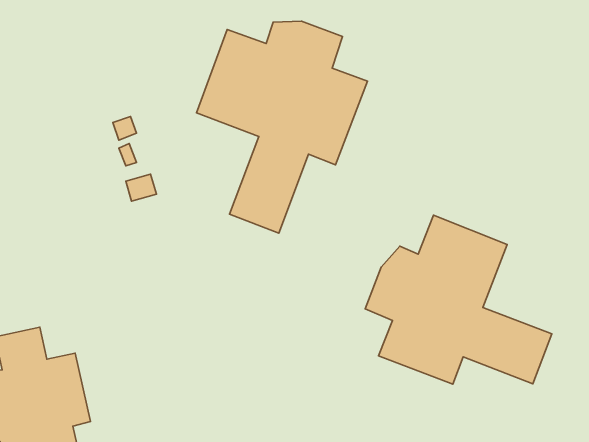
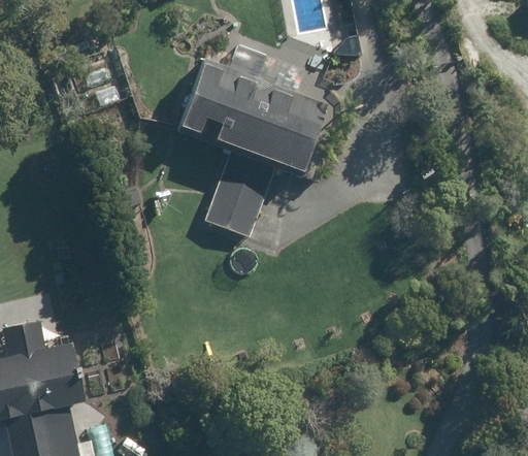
building: [365,215,552,384] -> none

